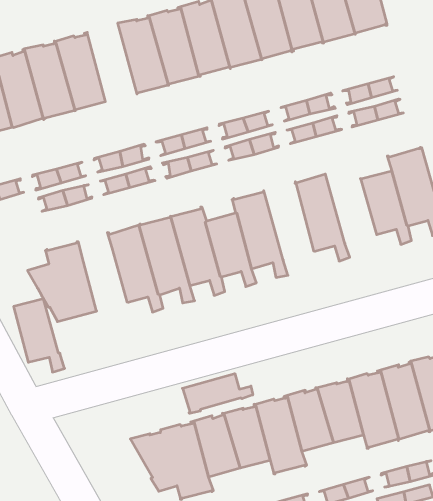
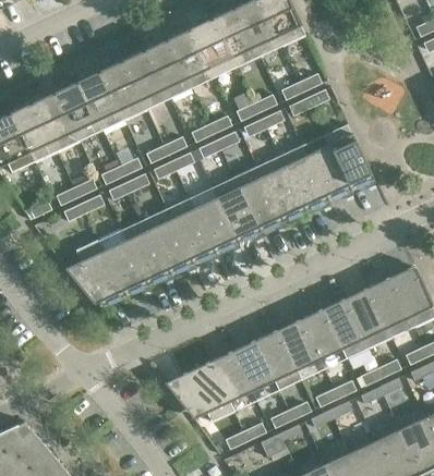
building: none -> [79,70,124,131]
building: none -> [278,146,330,210]
building: none -> [233,167,285,232]
building: [14,299,65,372] -> [104,241,150,295]
building: [182,374,253,413] -> none

